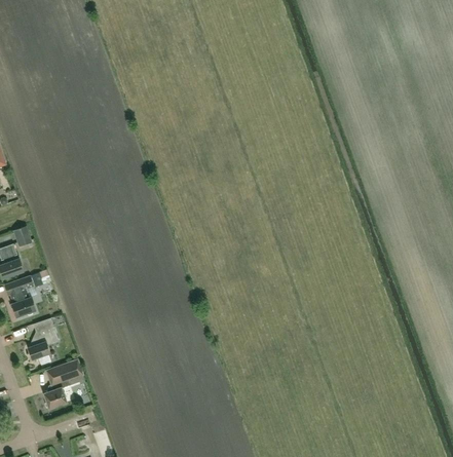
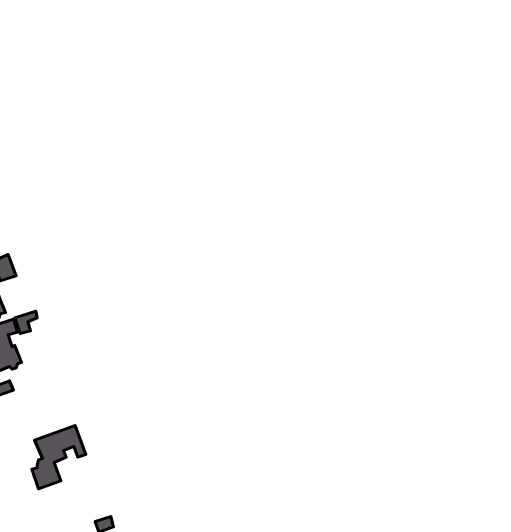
building: [27,317,53,360] -> none

